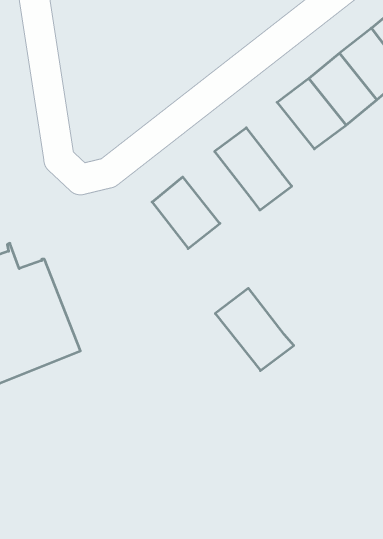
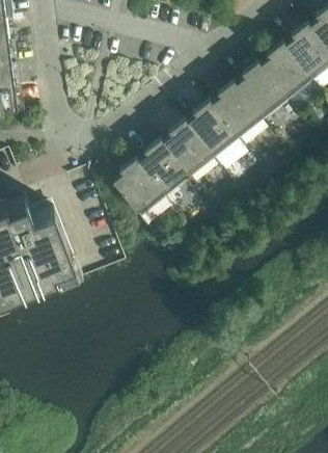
building: none -> [210,81,263,137]
building: none -> [160,119,214,176]
building: [215,288,294,371] -> [110,159,171,223]

